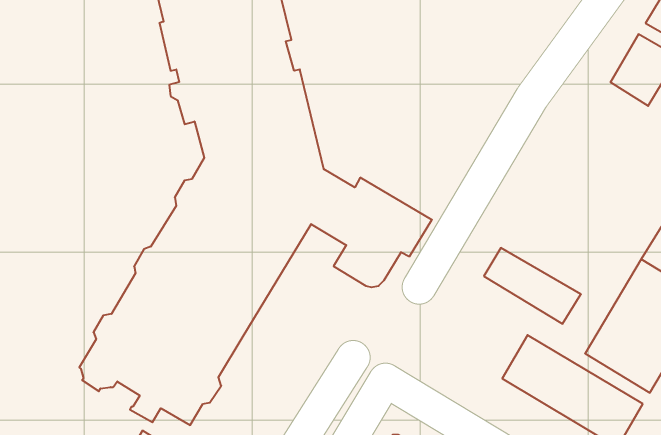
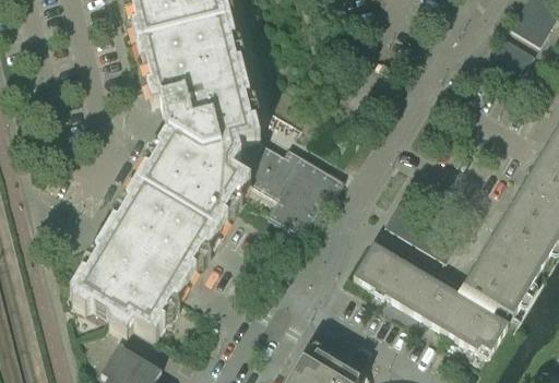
building: none -> [352,241,417,302]

